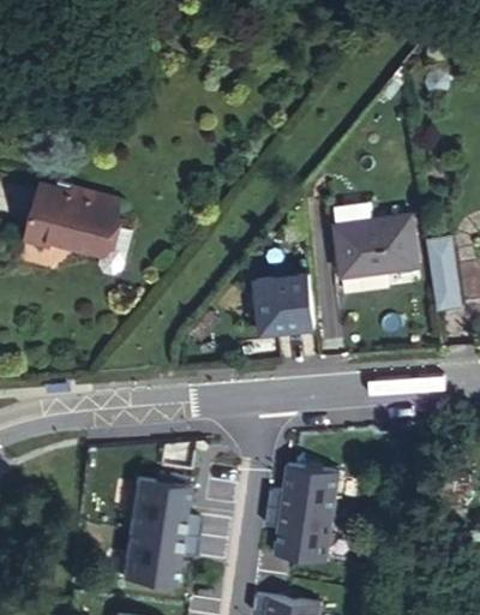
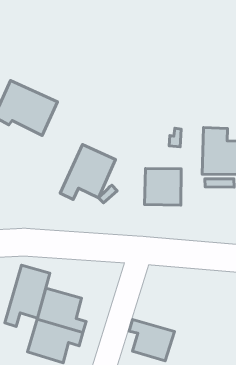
building: none -> [60,144,116,200]
building: none -> [5,265,50,326]
building: [271,465,342,517] -> none

